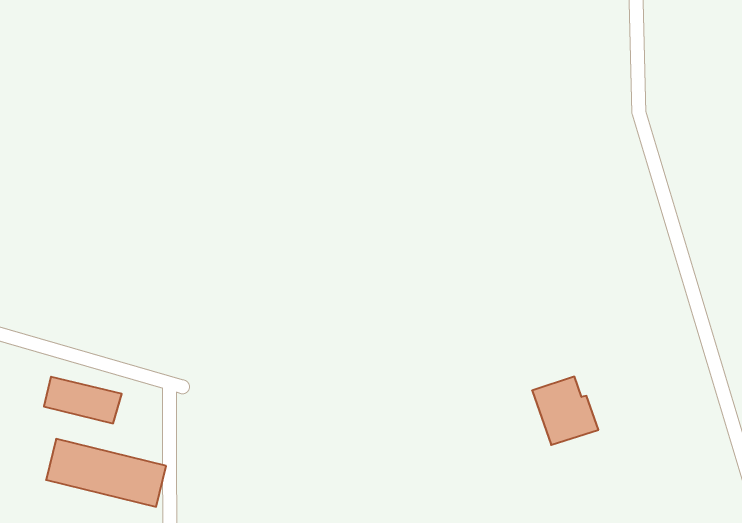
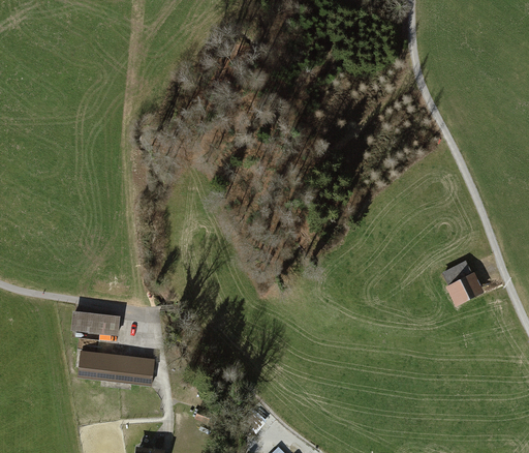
building: [532,377,598,445] -> [441,262,487,307]

